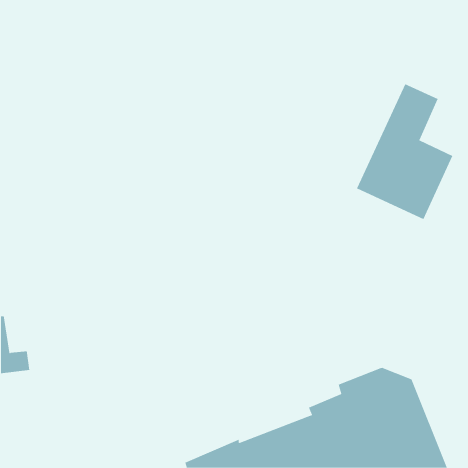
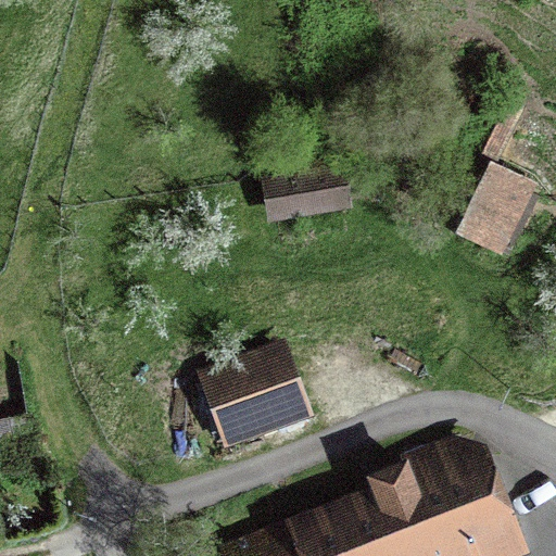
building: none -> [262,165,353,225]
building: none -> [198,341,315,452]

